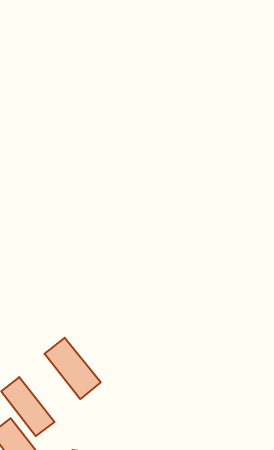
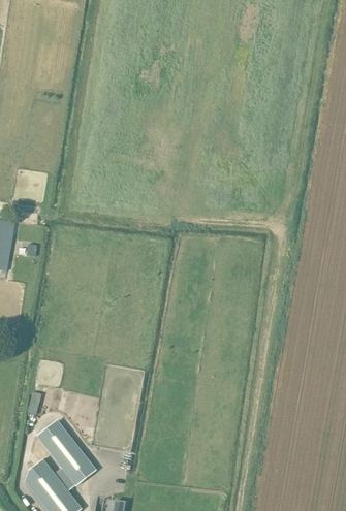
building: [44,338,101,399] -> none

